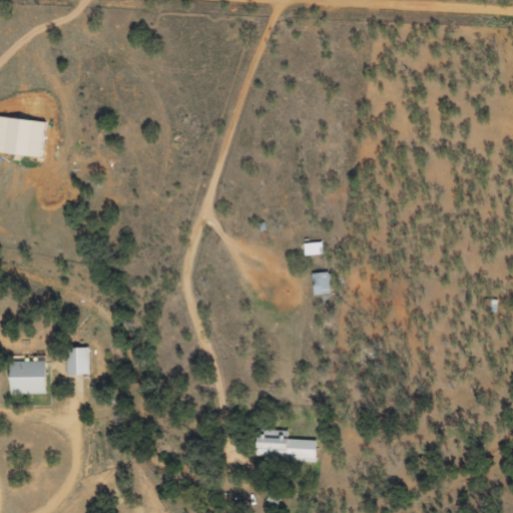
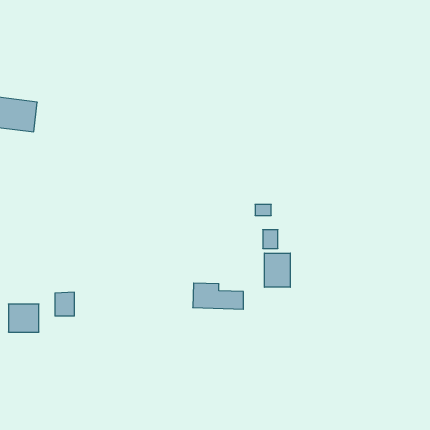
building: none -> [264,253,290,287]
building: [255,430,316,461] -> [193,283,243,309]

